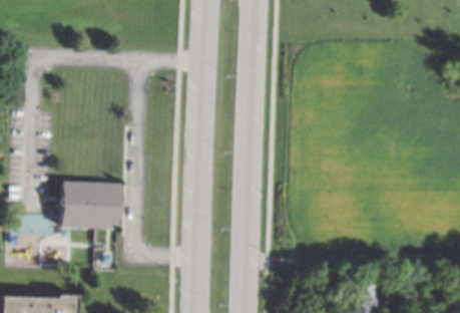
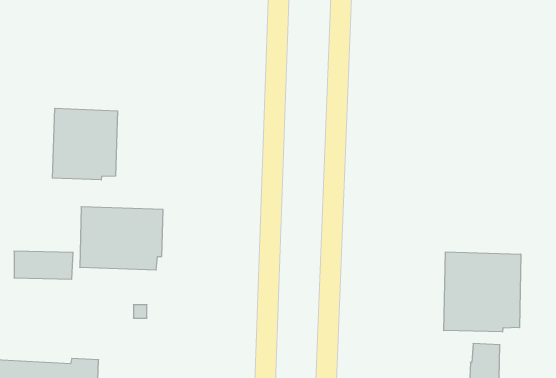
building: none -> [53,108,117,180]
building: none -> [444,252,521,332]

